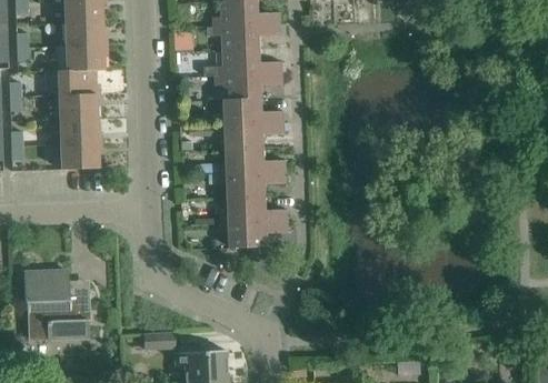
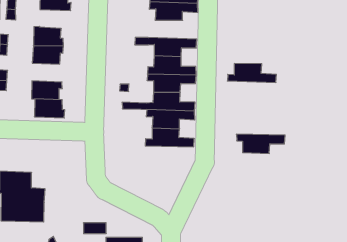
building: [63,44,106,70] -> none
building: [215,48,281,74] -> [227,64,276,82]
building: [58,119,100,144] -> [34,99,65,118]
building: [220,220,287,248] -> [236,134,285,153]

